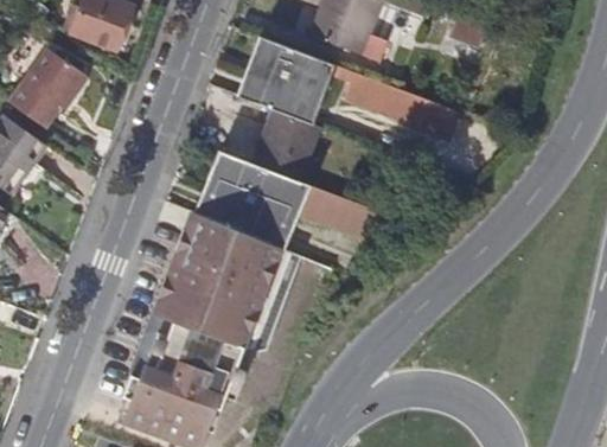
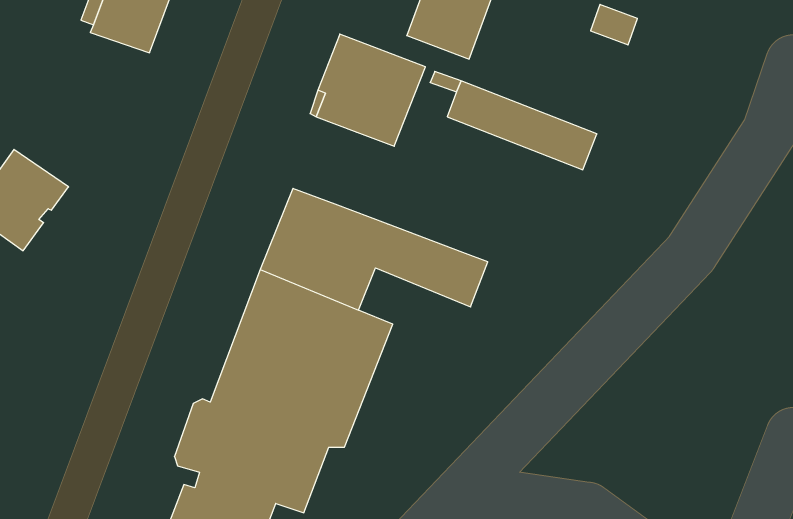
building: [8,50,81,129] -> none
building: [256,111,315,181] -> none

